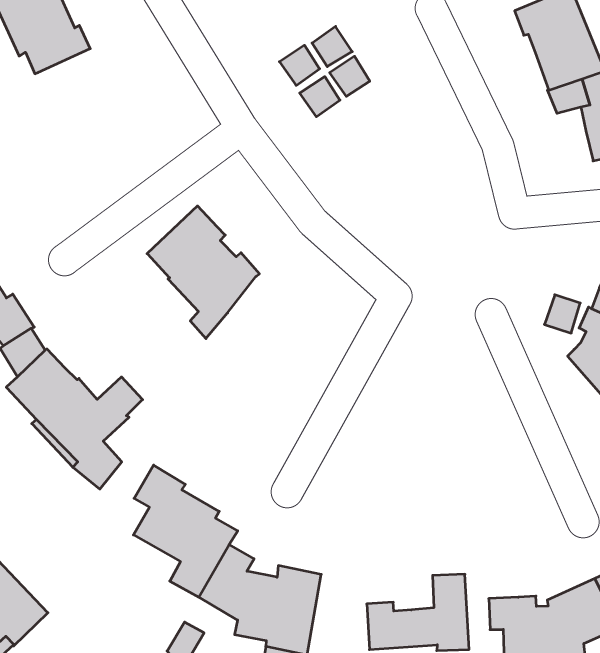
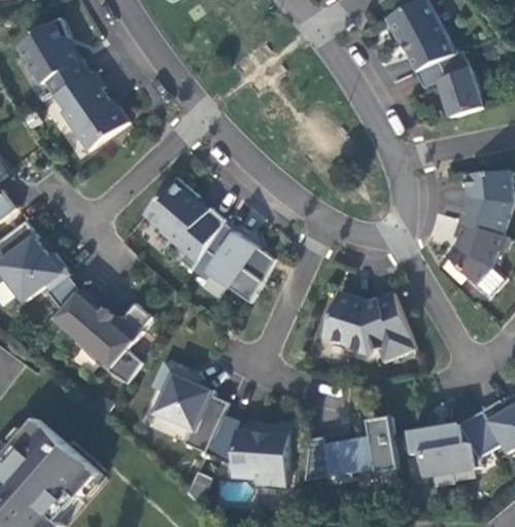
building: none -> [55,72,128,150]
building: none -> [205,222,262,303]
building: none -> [323,291,415,362]

